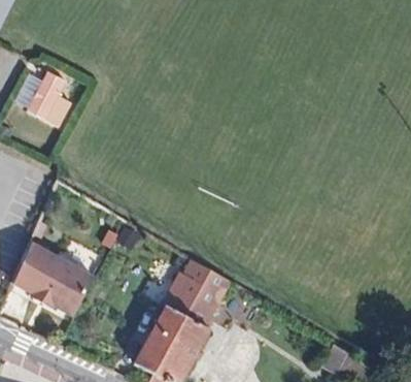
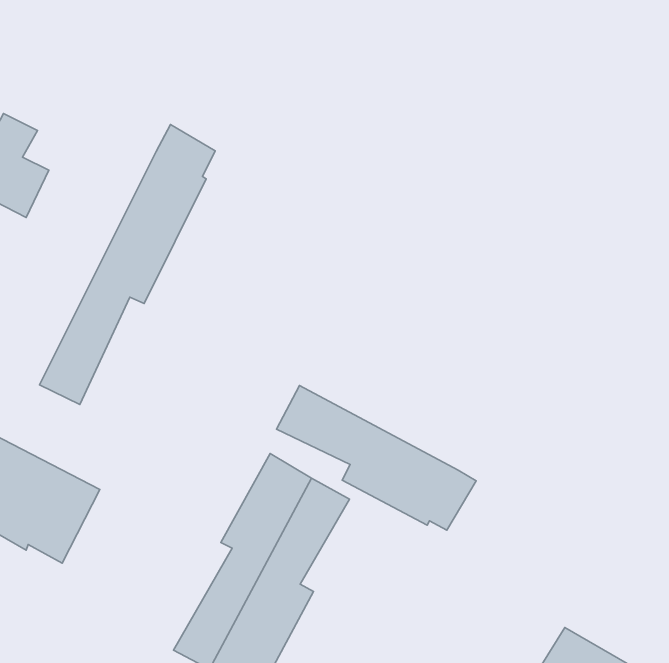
building: none -> [39,125,215,404]
building: none -> [276,385,476,530]

